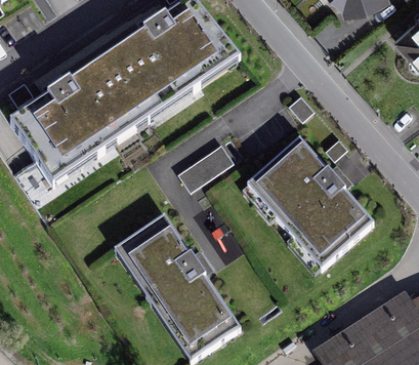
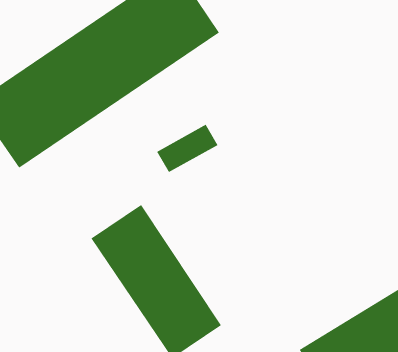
building: [248,139,372,266] -> none

